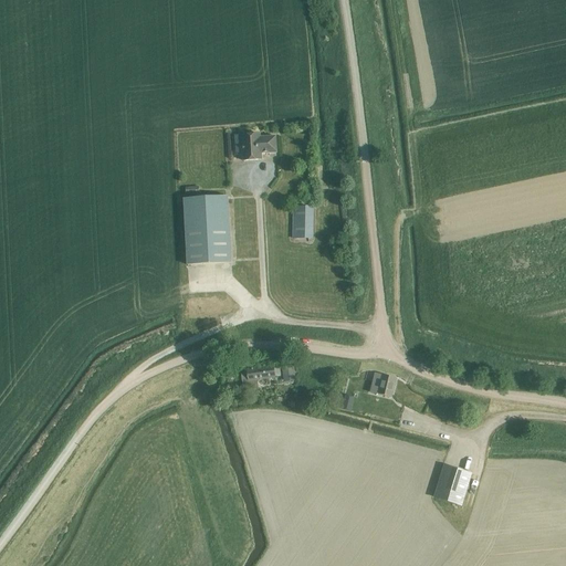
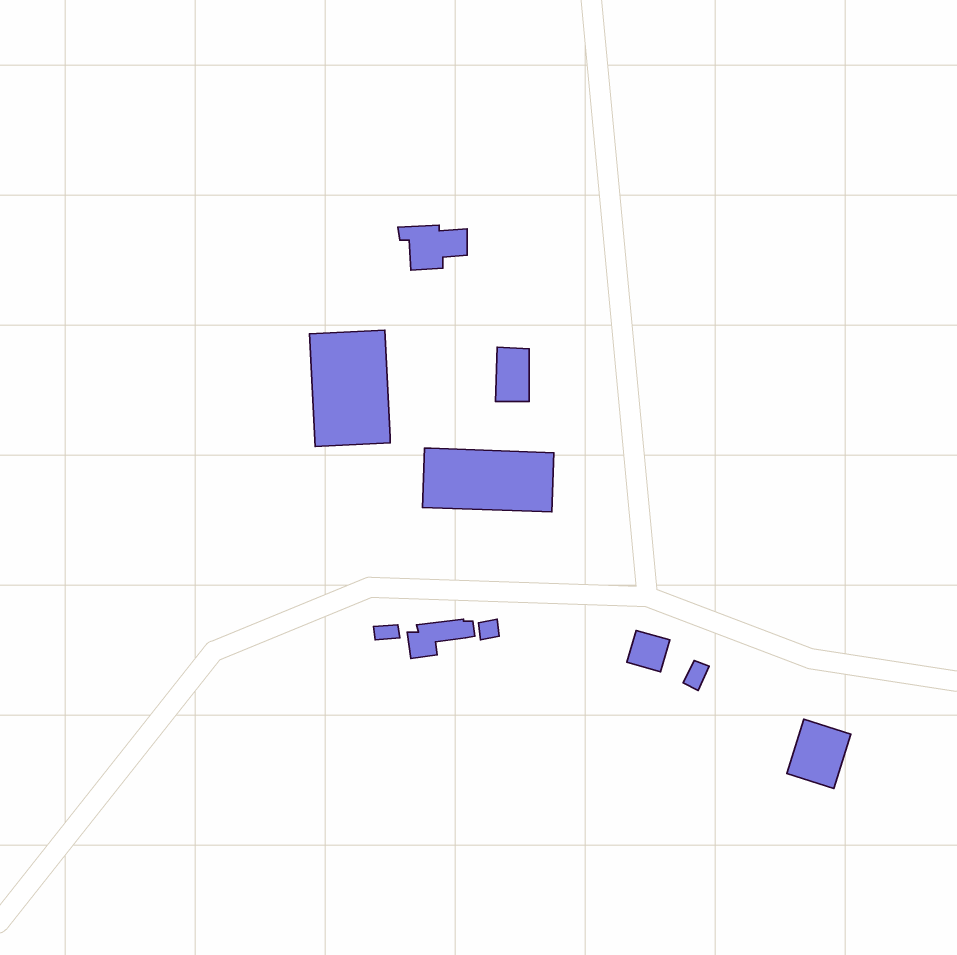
building: none -> [422,448,554,512]
building: [433,463,471,504] -> [787,719,851,789]

